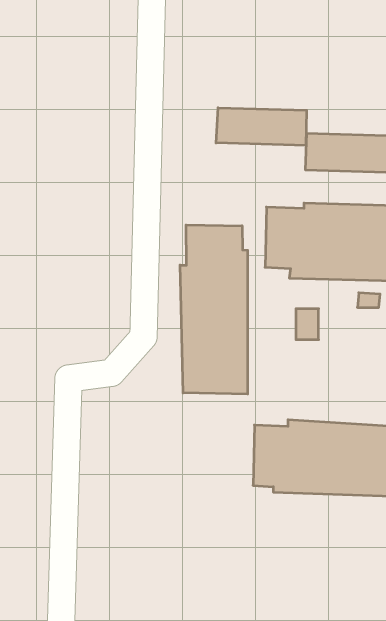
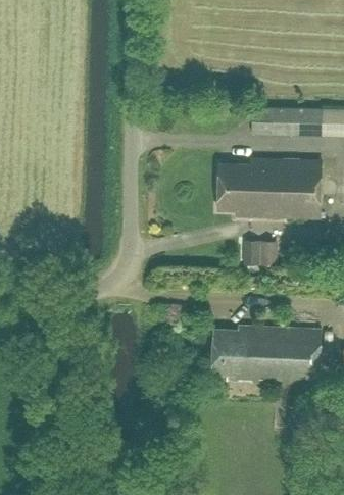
building: [216,108,307,145] -> none
building: [180,225,248,394] -> none

